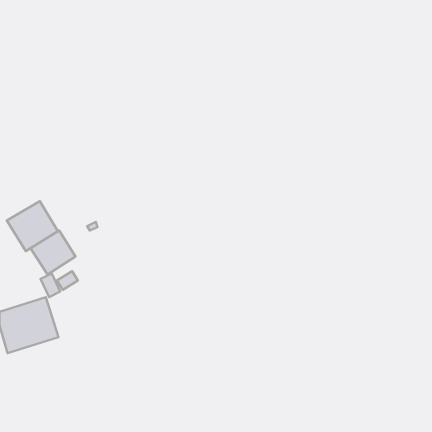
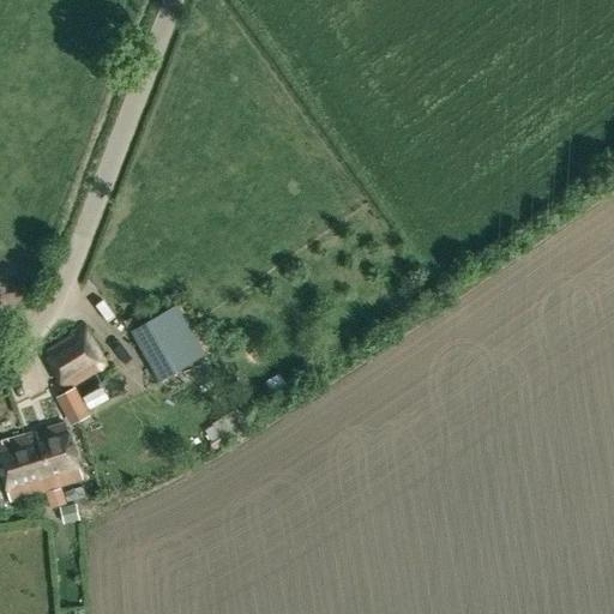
building: [7,201,58,251] -> none
building: none -> [132,305,204,381]

